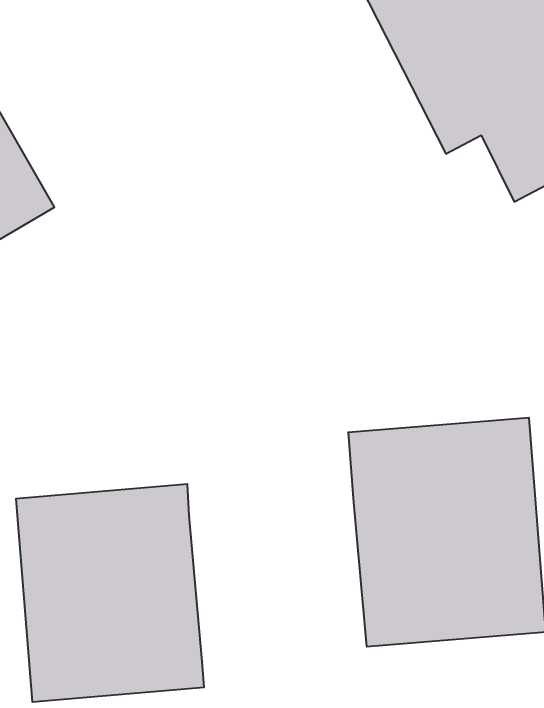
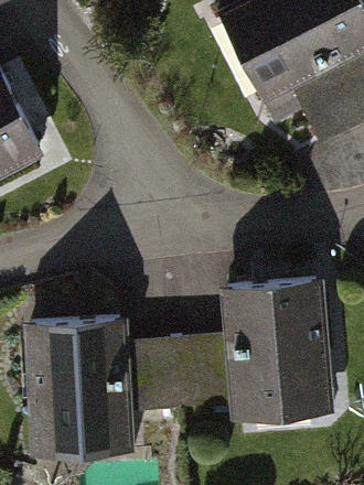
building: none -> [125,331,231,425]

